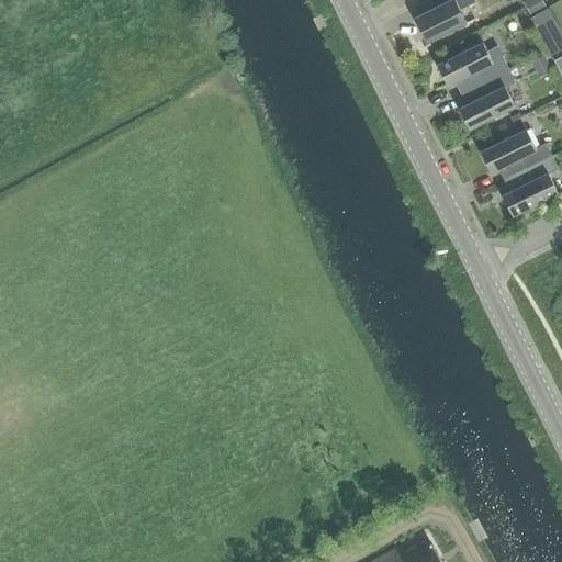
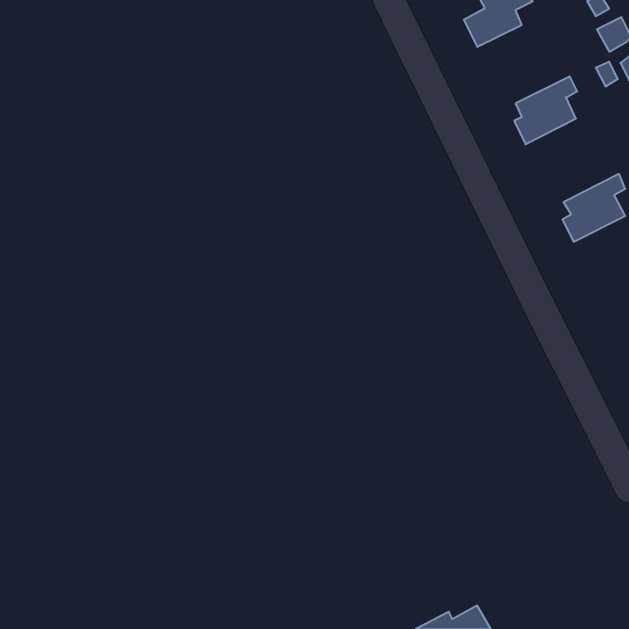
building: [437,42,508,92] -> none
building: [481,128,552,180] -> none

